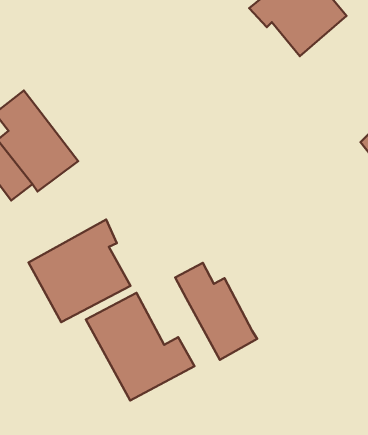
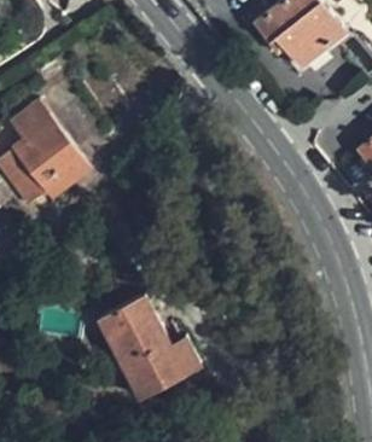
building: [28,219,130,322] -> none
building: [175,263,257,360] -> none

